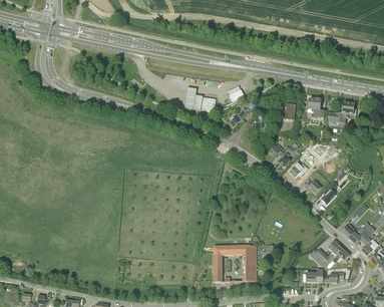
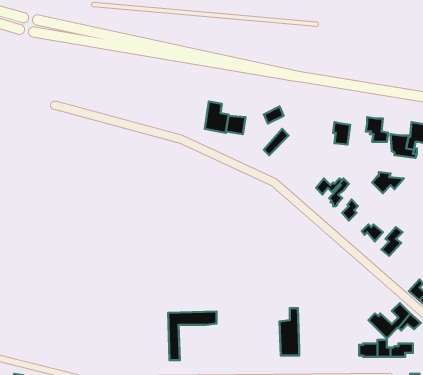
building: [213,245,250,282] -> [168,312,217,360]

